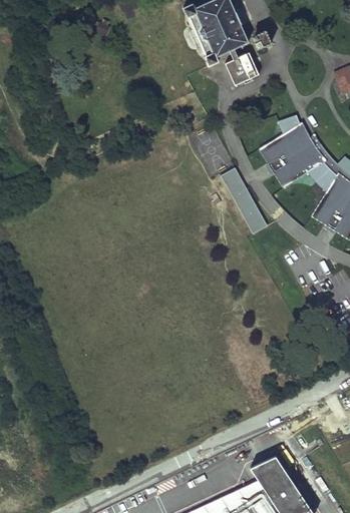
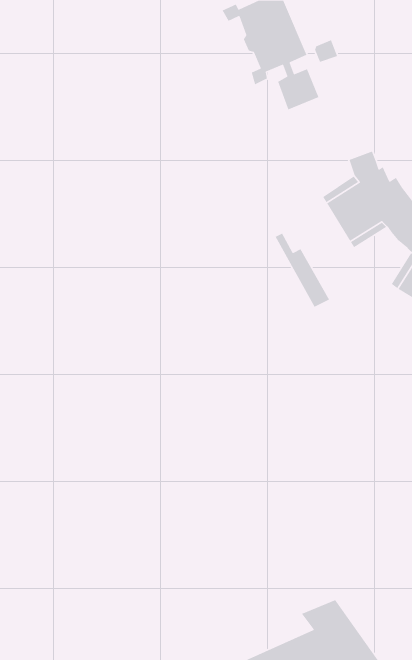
building: [222,168,269,228] -> none

